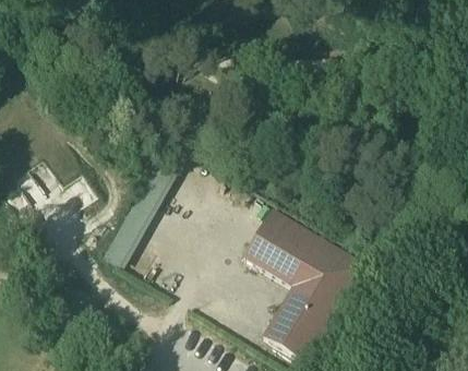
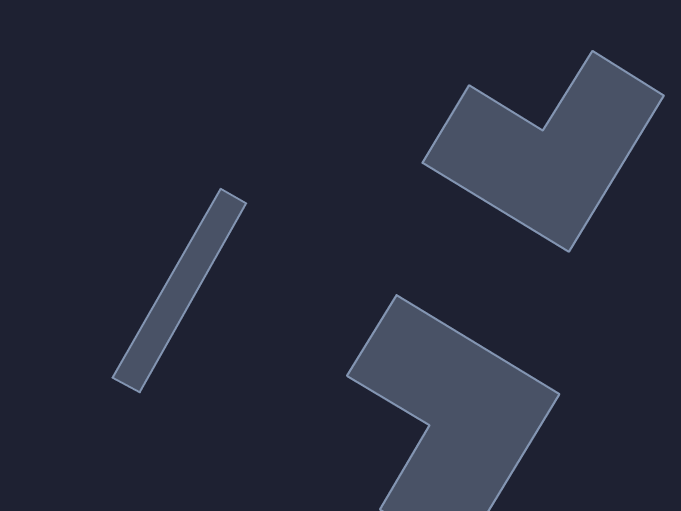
building: none -> [422,51,664,252]

